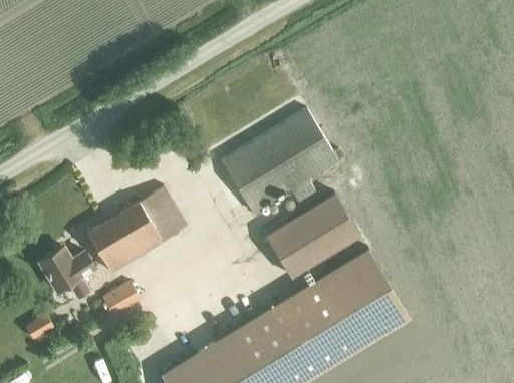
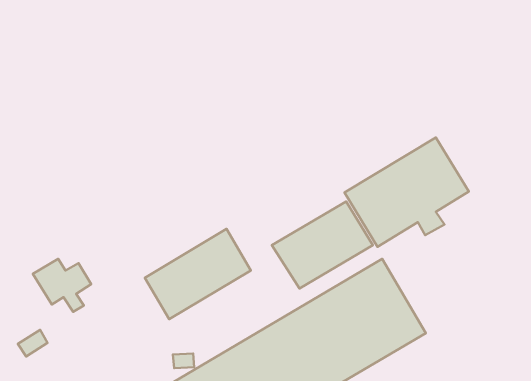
building: [221,110,338,214] -> [345,137,469,247]
building: [86,187,187,273] -> [145,229,251,319]
building: [101,281,140,315] -> none

